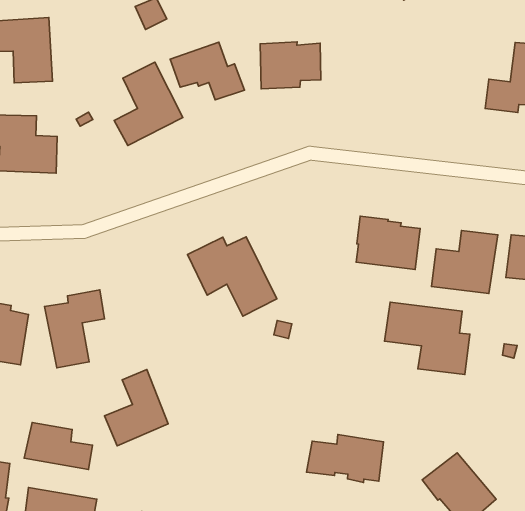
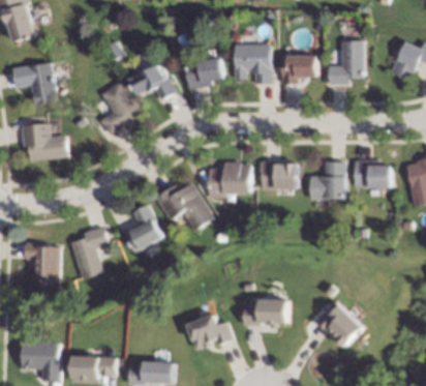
building: none -> [233,43,271,84]
building: none -> [279,54,317,84]
building: none -> [207,161,250,198]
building: [385,302,470,374] -> none
building: [104,370,168,446] -> [123,204,163,254]
building: [24,422,92,469] -> none
building: none -> [188,313,235,348]

